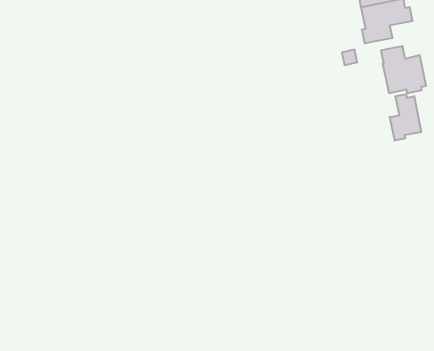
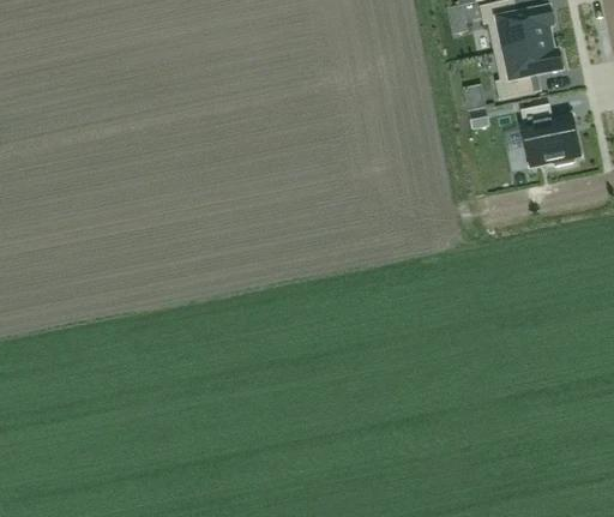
building: [390,94,421,141] -> none

